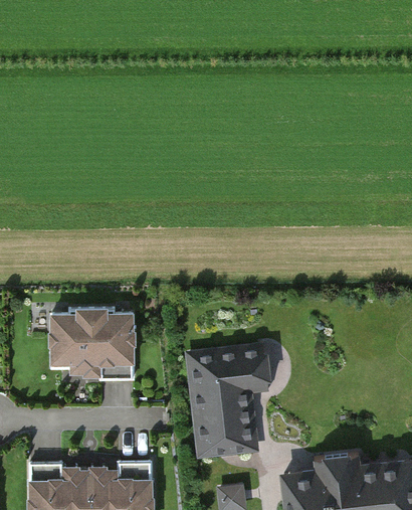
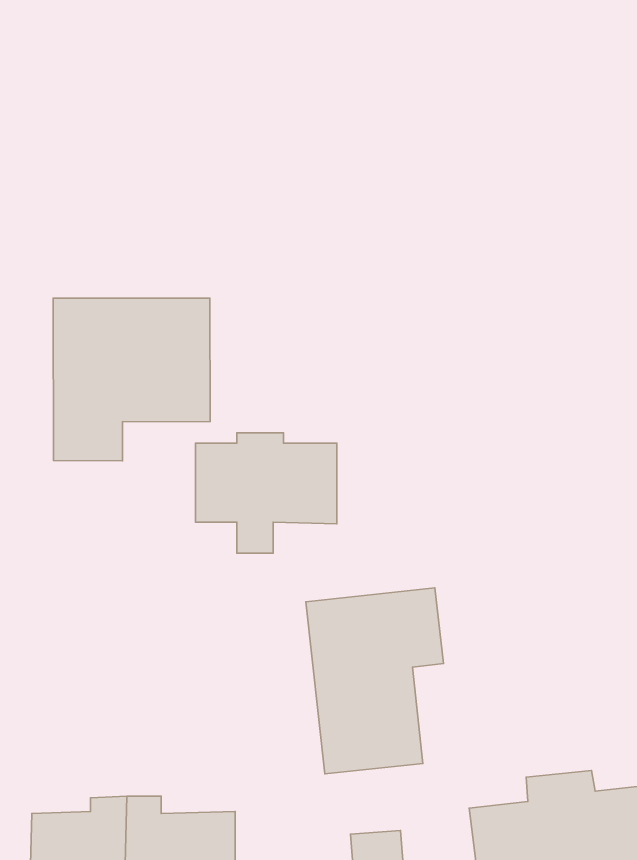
building: none -> [53,298,210,461]
building: [47,308,130,378] -> [196,433,337,553]

